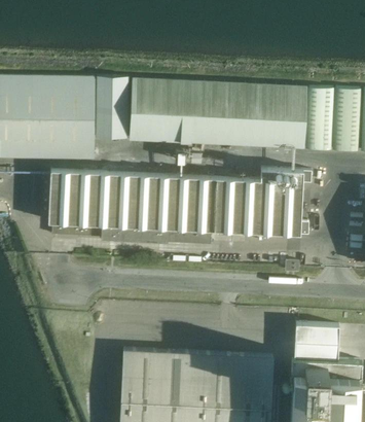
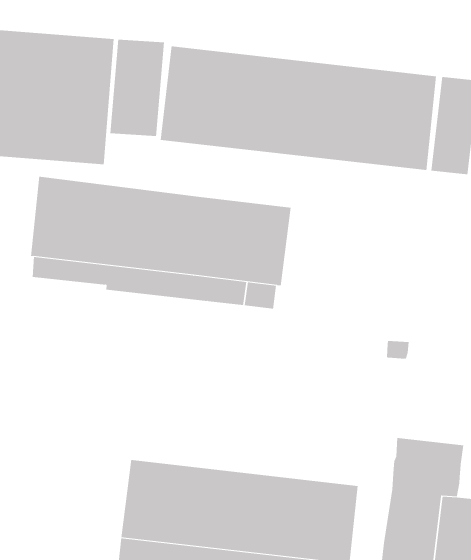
building: [214,169,312,235] -> none

